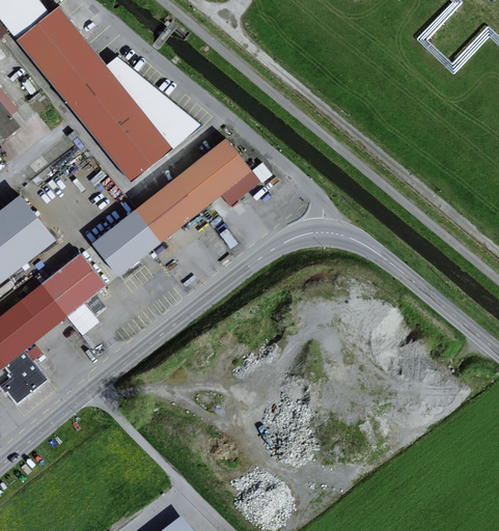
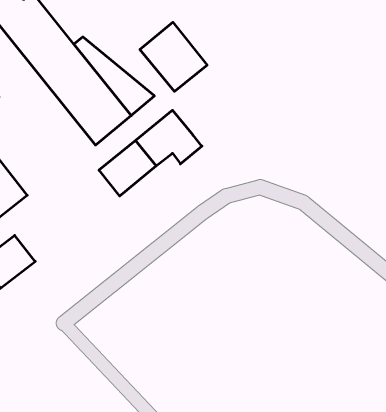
building: none -> [140,22,207,91]
building: [93,212,160,276] -> none
building: [38,256,102,317] -> none

